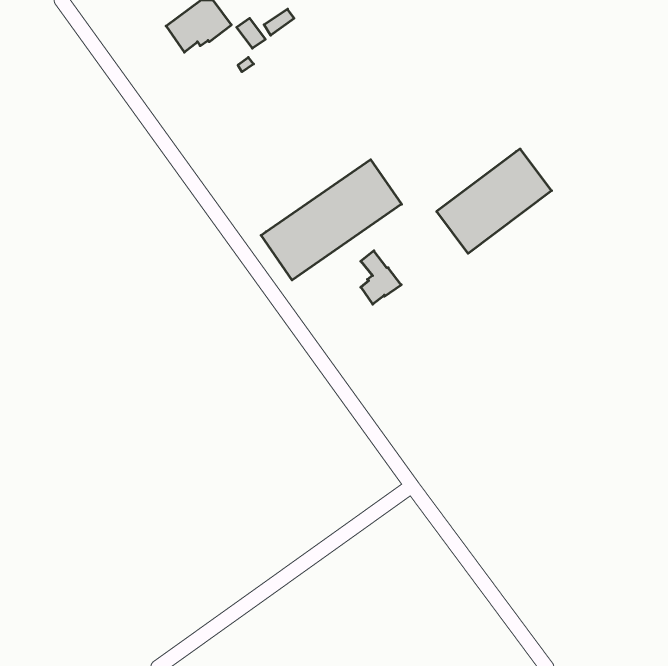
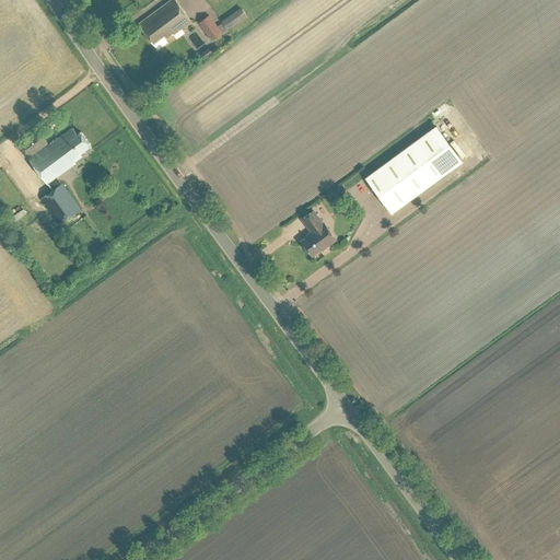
building: none -> [18,129,92,226]
building: [261,160,402,280] -> none

